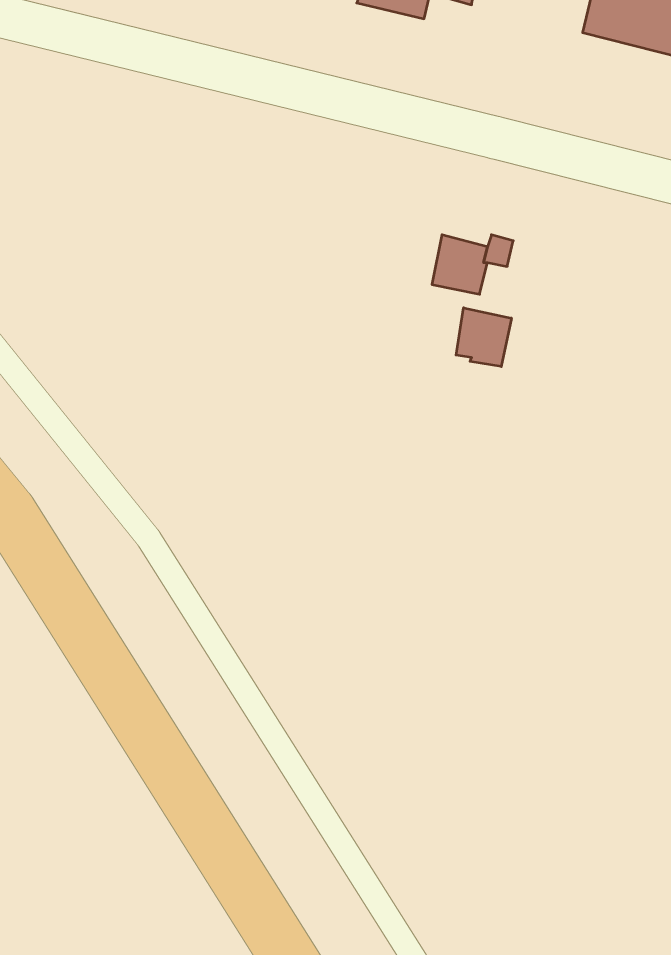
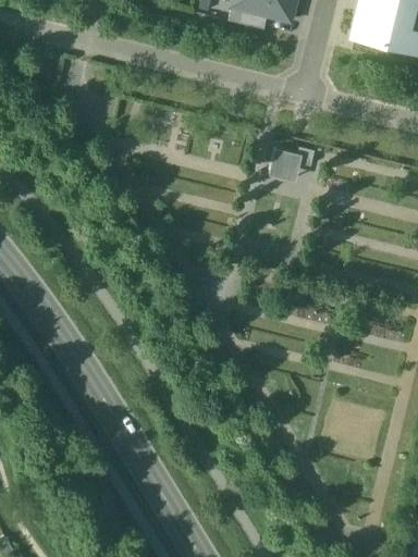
building: [456,308,511,367] -> none

